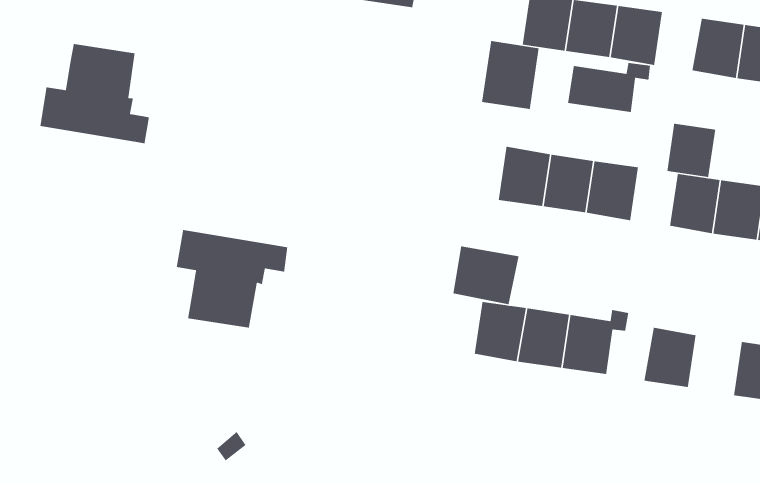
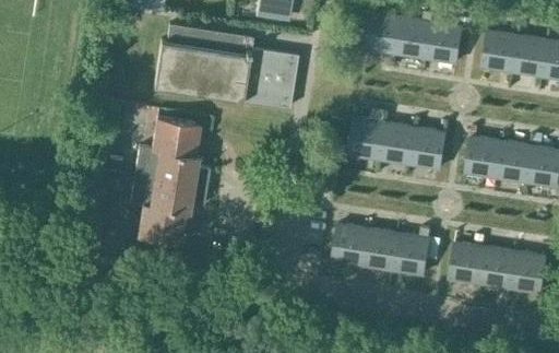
building: none -> [154,23,298,106]
building: [481,40,540,110] -> none
building: [40,43,150,144] -> [134,117,210,186]
building: [567,62,651,113] -> none
building: [666,123,716,178] -> none
building: [453,246,520,305] -> none
building: none -> [479,246,515,287]

